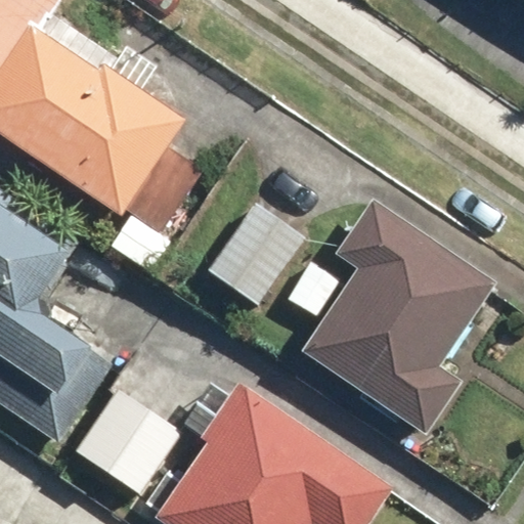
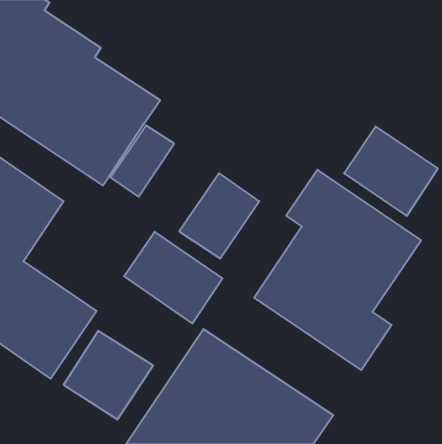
building: none -> [344,126,438,216]
building: none -> [124,232,222,324]

